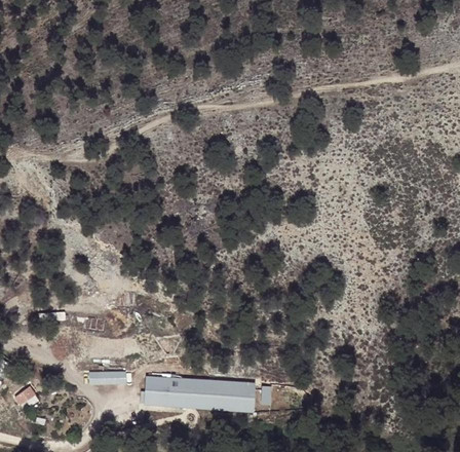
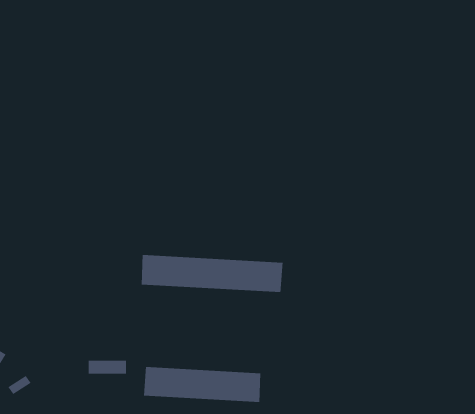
building: none -> [141,254,283,293]

